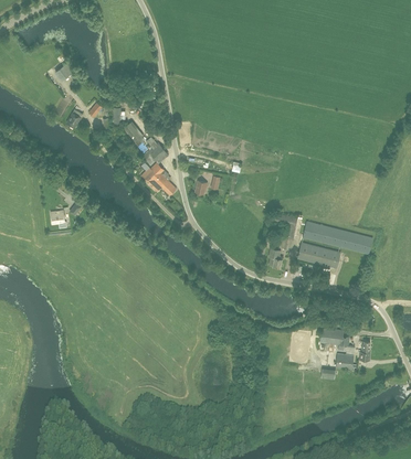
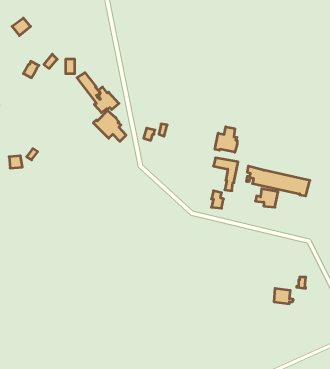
building: none -> [215,127,237,152]
building: [319,328,354,354] -> none

